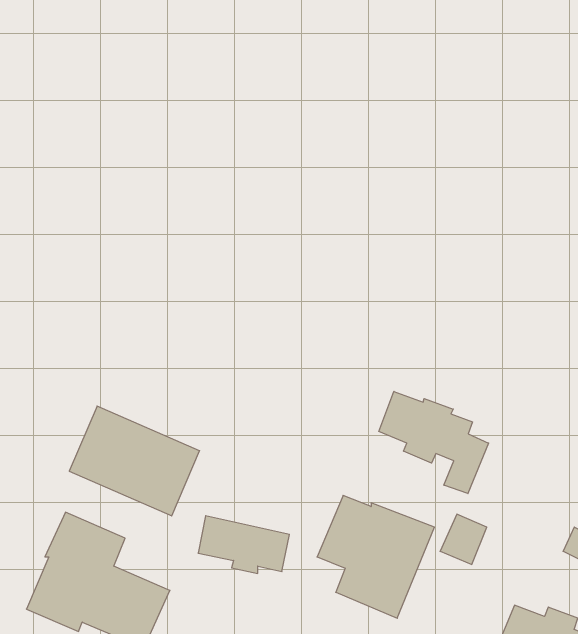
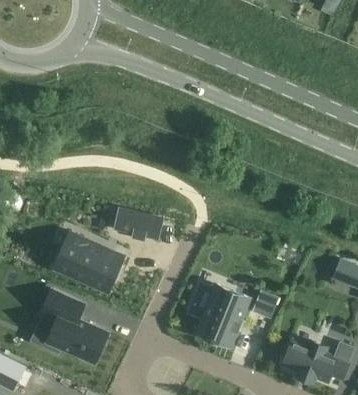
building: [379,391,489,494] -> none
building: [198,516,289,573] -> [114,209,163,240]

